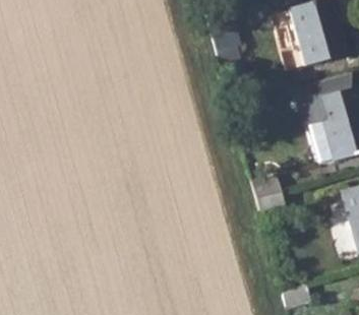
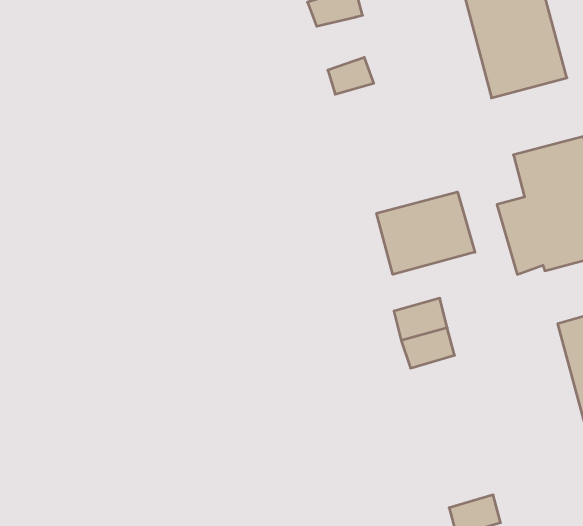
building: none -> [377,192,475,274]

